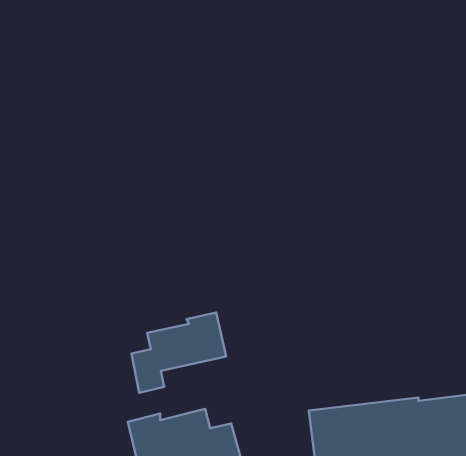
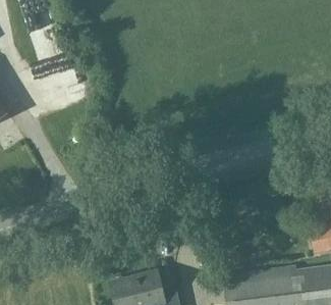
building: [132,312,226,393] -> none

